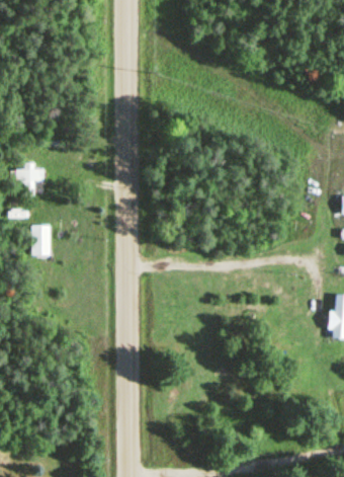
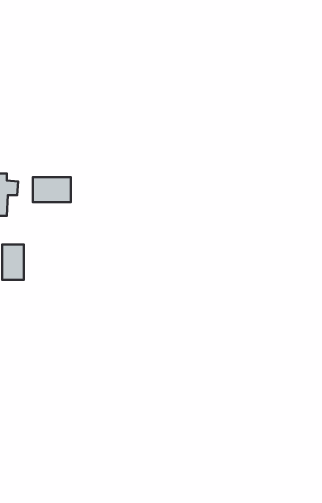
building: none -> [33,177,71,202]

